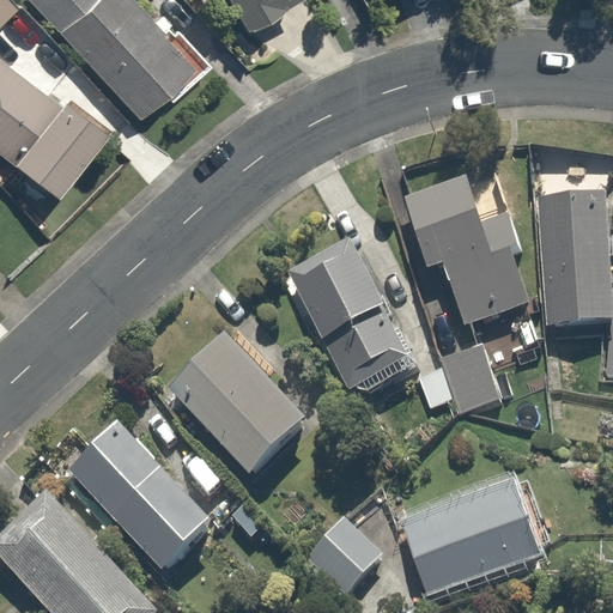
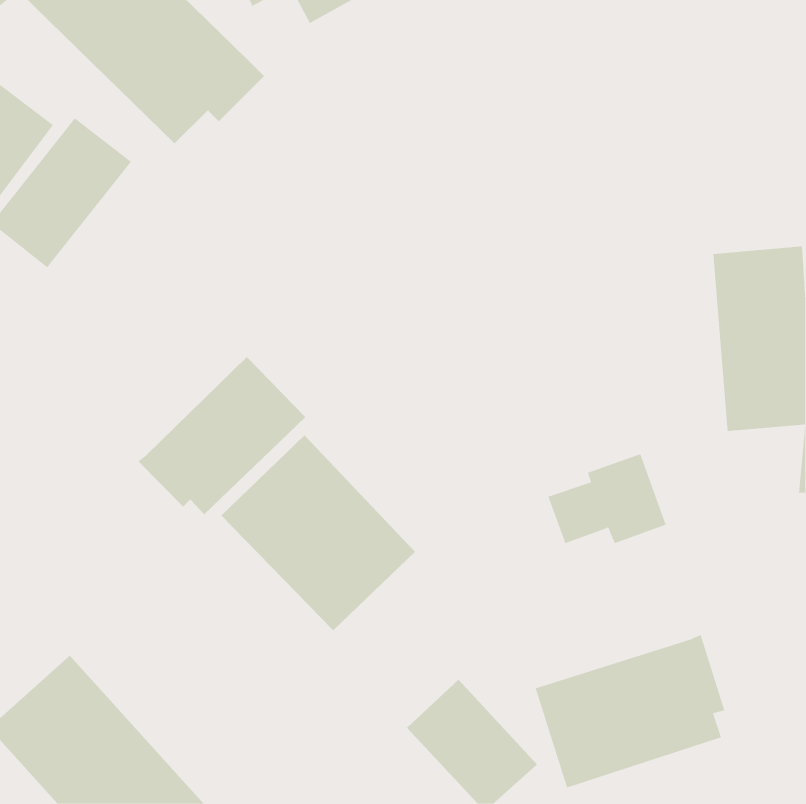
building: [405,174,526,328] -> none
building: [285,244,409,392] -> none
building: none -> [138,356,306,515]
building: [68,420,220,573] -> none

